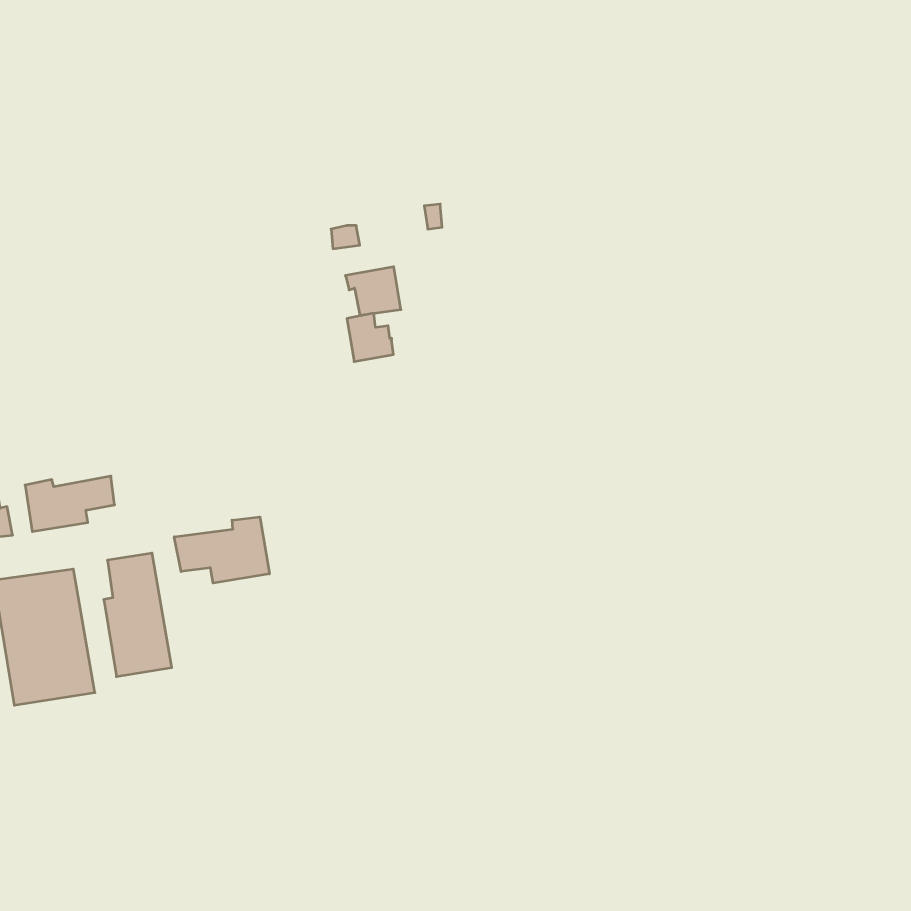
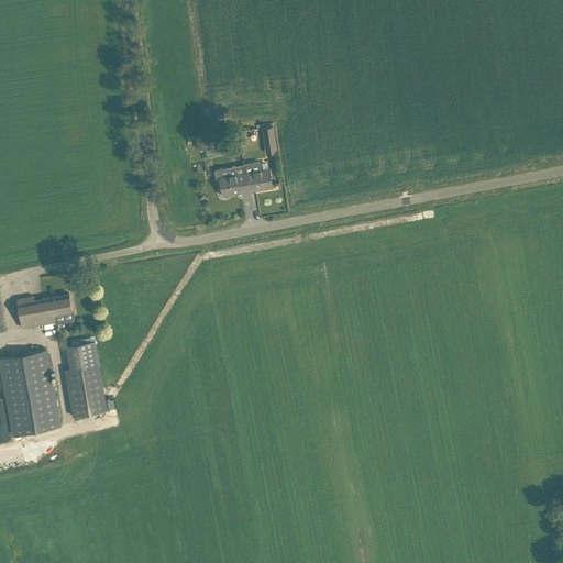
building: [347,313,393,362] -> [242,163,271,192]
building: [174,517,269,583] -> none

